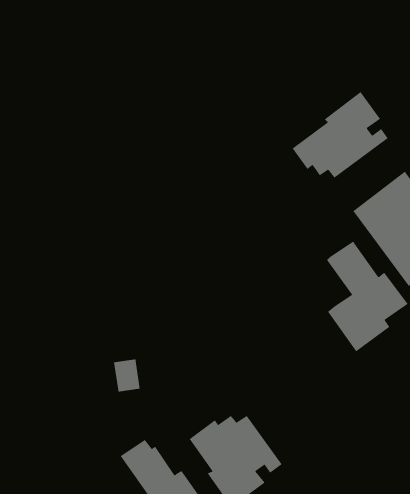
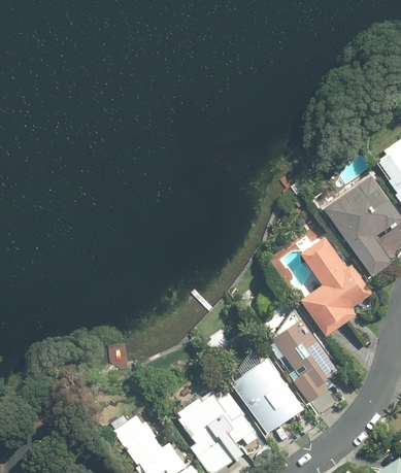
building: [292,91,388,178] -> none
building: none -> [270,316,336,401]
building: none -> [231,357,302,433]

